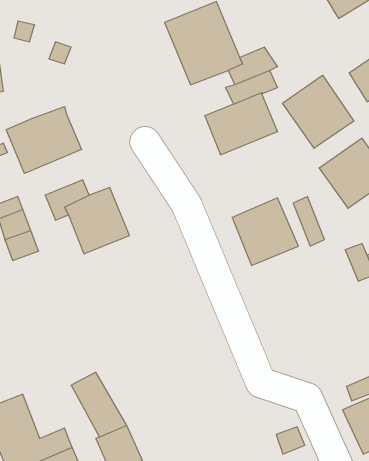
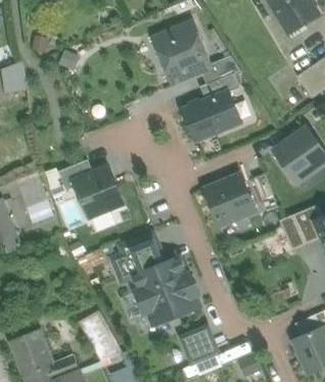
building: [282,75,354,148] -> none
building: [6,107,81,173] -> none
building: none -> [110,233,199,327]
building: none -> [181,327,219,365]

